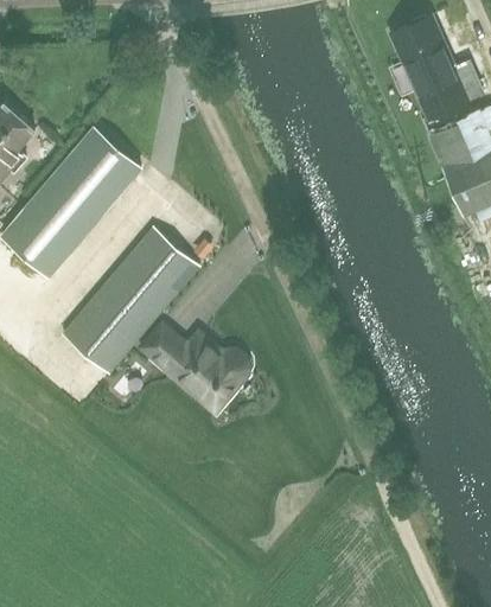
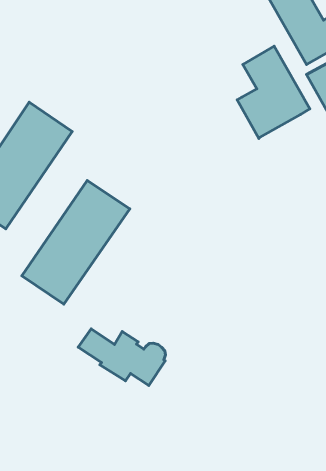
building: none -> [237,46,310,138]
building: [142,327,246,402] -> [78,329,165,385]

